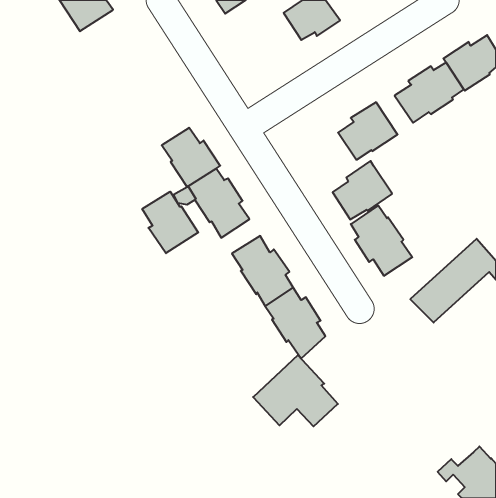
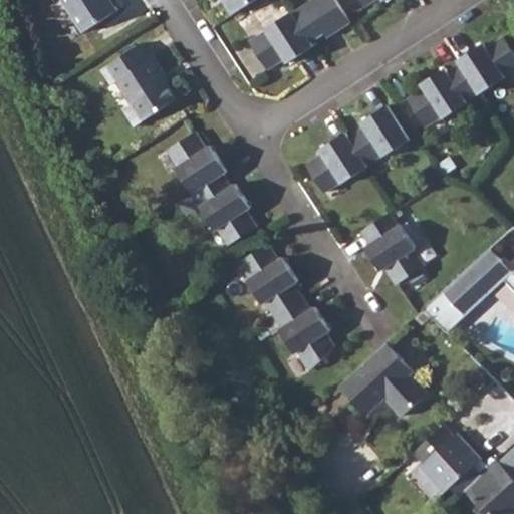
building: none -> [250,12,313,69]
building: none -> [100,43,175,125]
building: [333,161,392,219] -> [306,132,367,192]
building: [142,192,198,253] -> none
building: [253,355,338,426] -> [339,342,427,416]
building: none -> [414,425,488,492]

